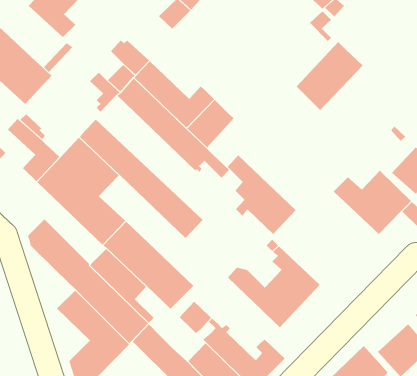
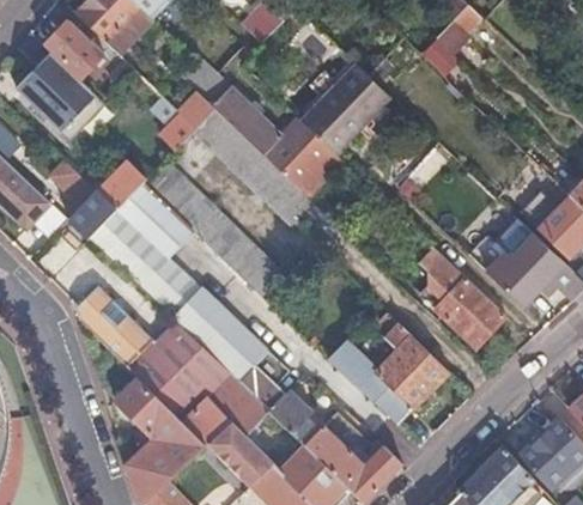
building: none -> [48,23,105,80]
building: [296,41,364,111] -> [303,65,389,153]
building: none -> [101,159,147,207]
building: [227,155,297,235] -> [417,244,505,346]
building: none -> [214,372,269,434]

